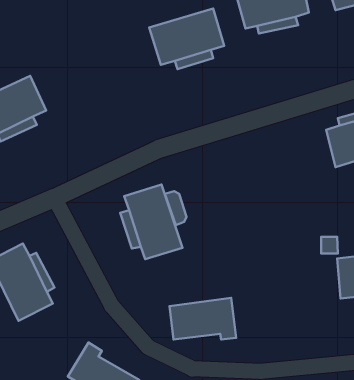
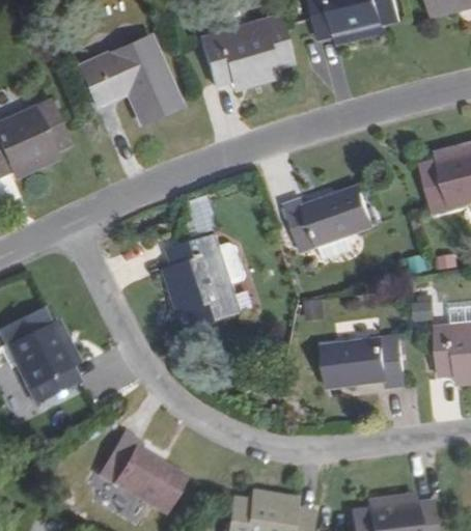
building: none -> [81,35,182,123]
building: none -> [285,187,375,251]
building: [170,298,236,339] -> [323,336,406,388]

